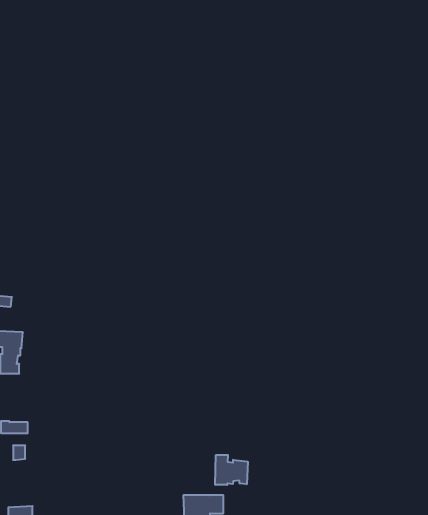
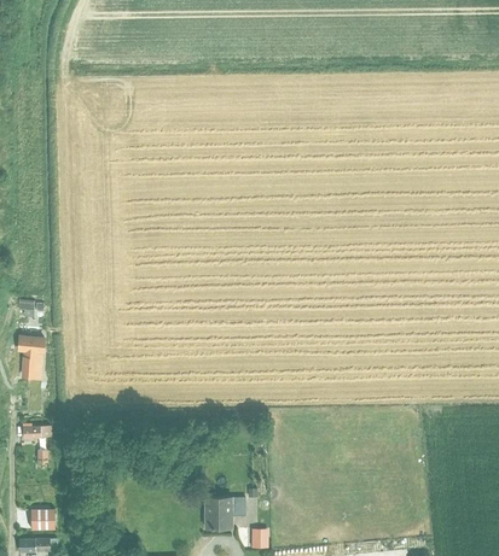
building: [215,455,248,485] -> none

